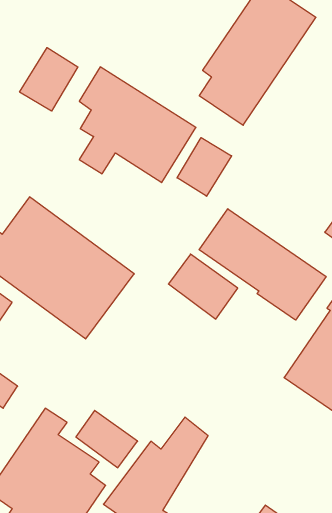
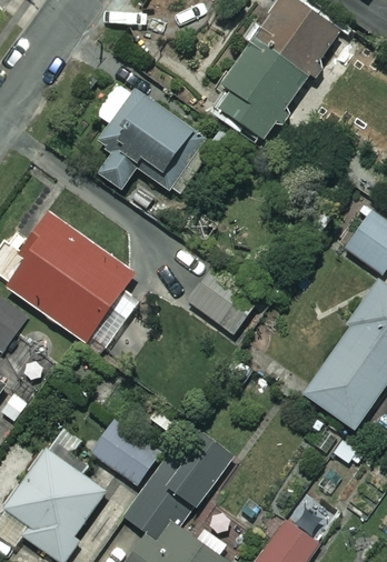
building: [20,48,78,111] -> none
building: [177,138,232,196] -> none
building: [199,209,326,320] -> none

